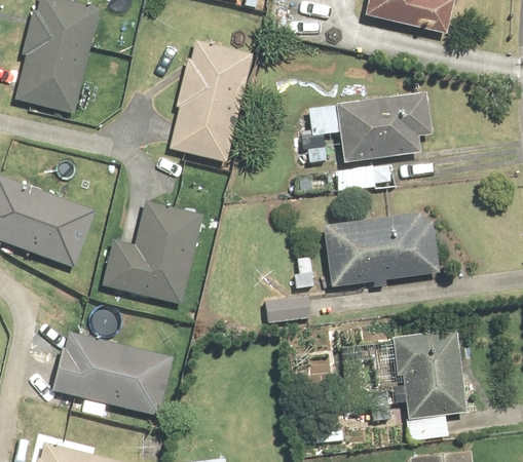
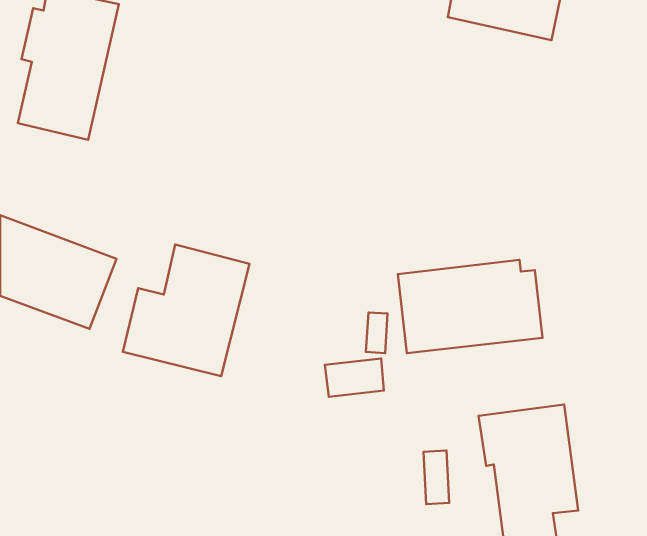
building: [170,38,253,162] -> none
building: [307,91,432,195] -> none
building: [54,331,174,420] -> none

